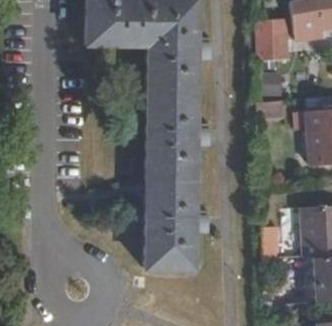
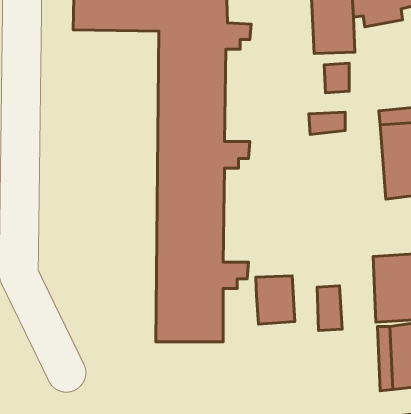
building: none -> [256,276,295,324]

